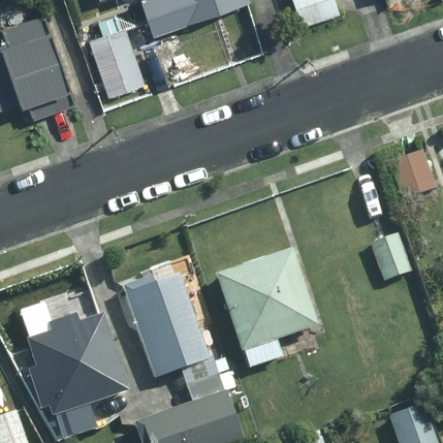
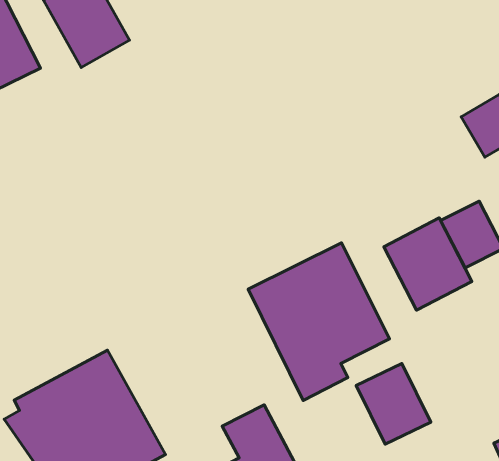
building: none -> [384,218,472,310]
building: [115,266,216,382] -> none
building: none -> [356,363,431,444]

